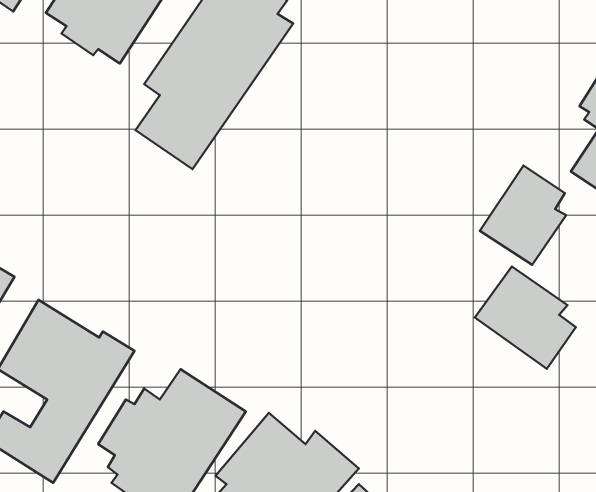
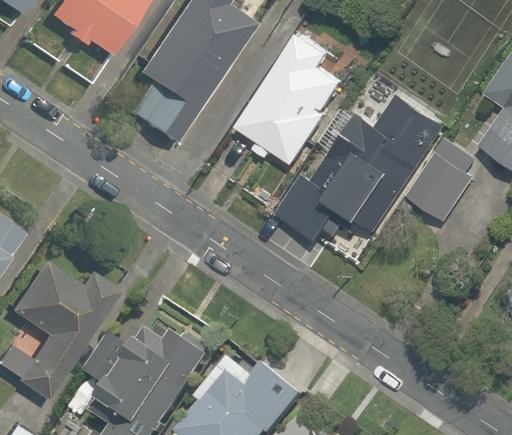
building: none -> [234,34,342,165]
building: none -> [279,96,444,244]
building: [475,267,576,369] -> none

